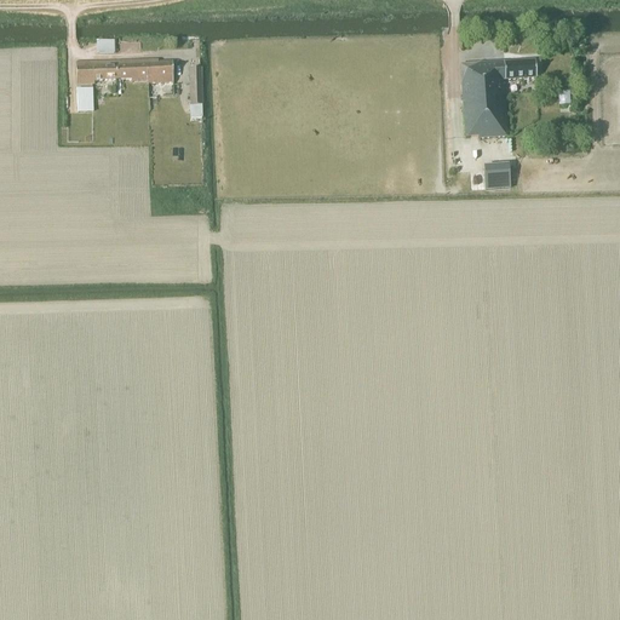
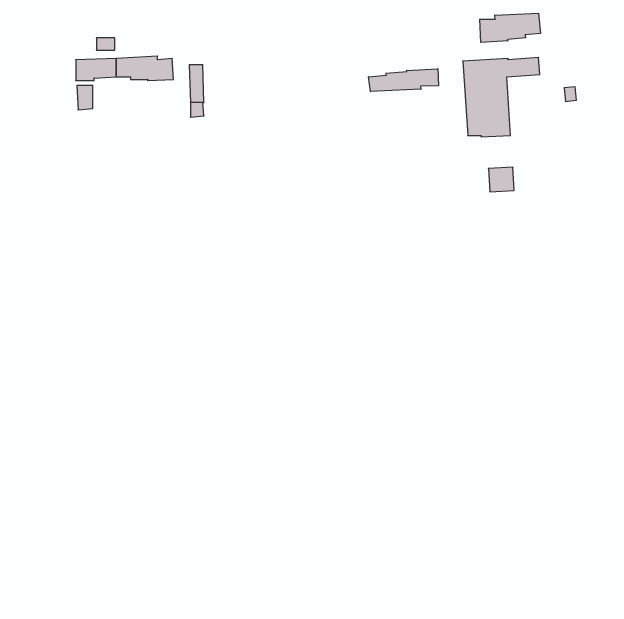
building: none -> [480,13,540,42]
building: none -> [369,69,438,92]

